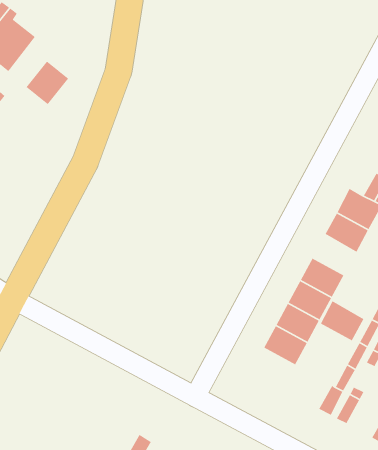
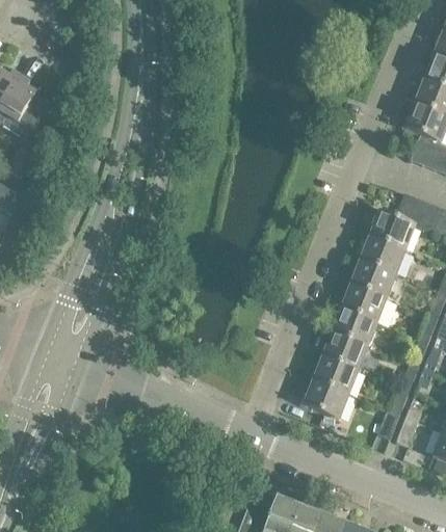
building: [25,60,69,105] -> none
building: [320,300,364,342] -> [351,260,395,298]
building: none -> [304,380,348,419]

